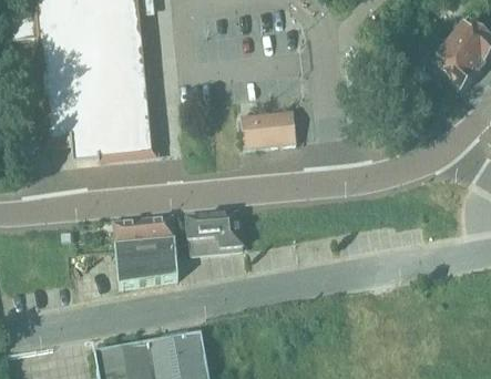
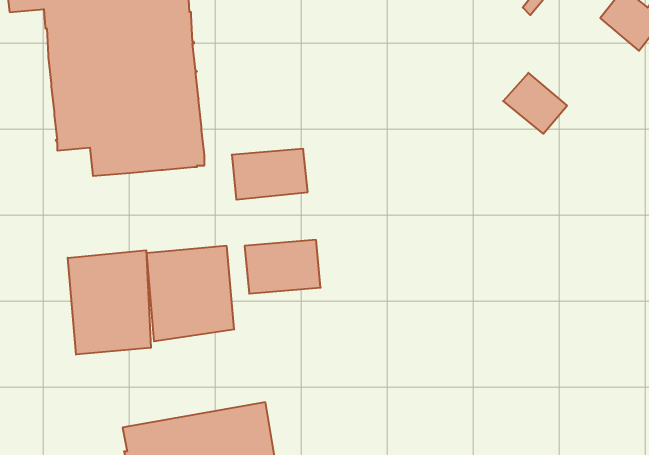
building: [431,45,479,91] -> [503,73,567,134]
building: [239,110,296,147] -> [232,149,308,200]
building: none -> [68,250,151,355]

